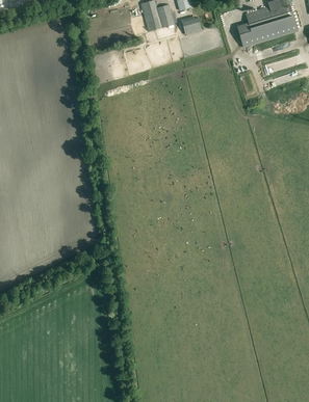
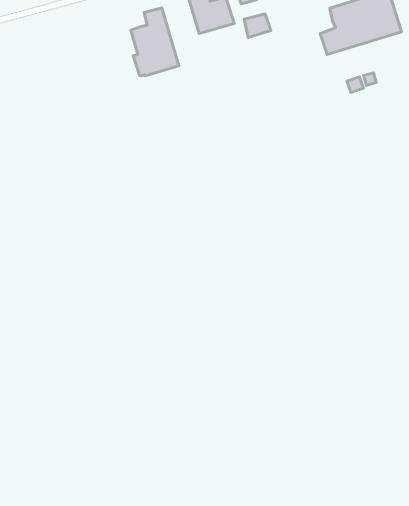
building: none -> [131,8,179,76]

